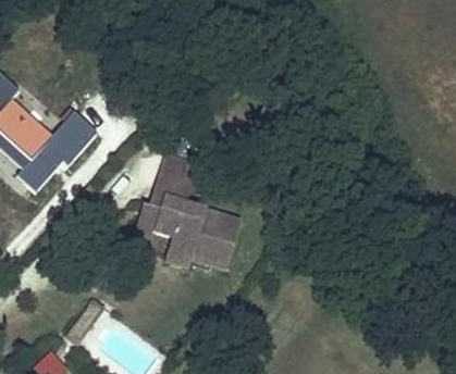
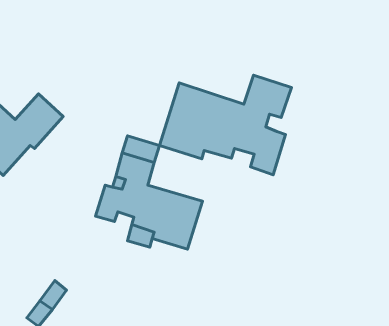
building: none -> [160,75,292,175]

